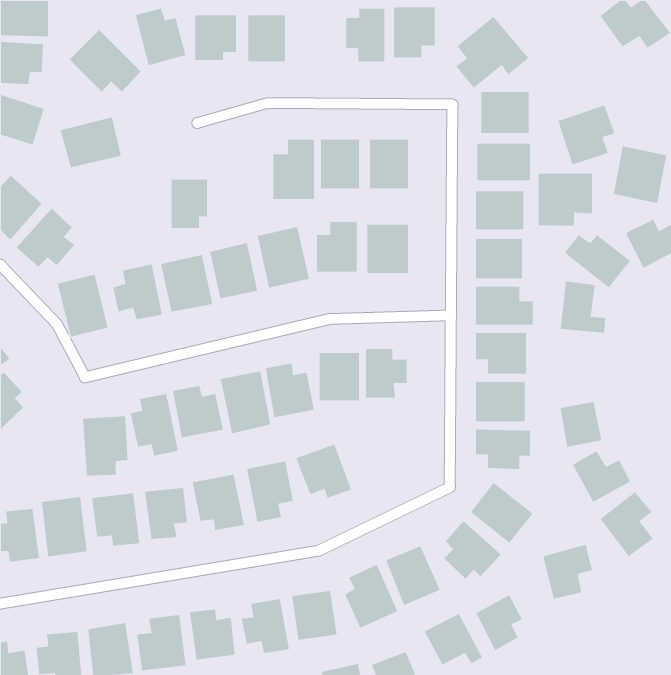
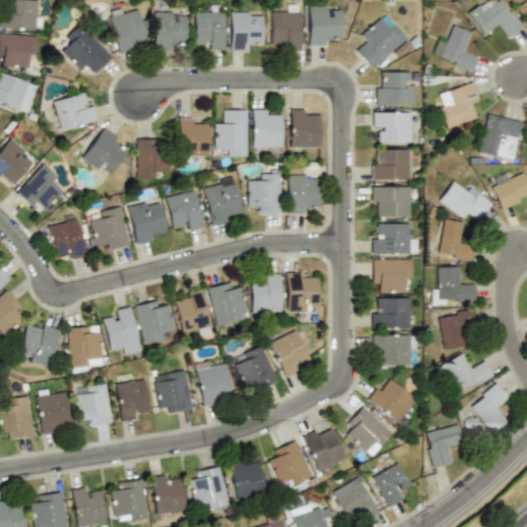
building: none -> [233,12,266,50]
building: none -> [440,25,481,73]
building: none -> [179,119,210,156]
building: none -> [83,129,132,178]
building: [538,173,593,227] -> none
building: none -> [434,267,476,305]
building: none -> [22,323,61,366]
building: none -> [269,327,312,374]

